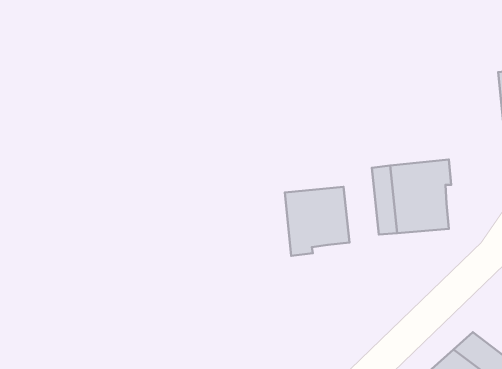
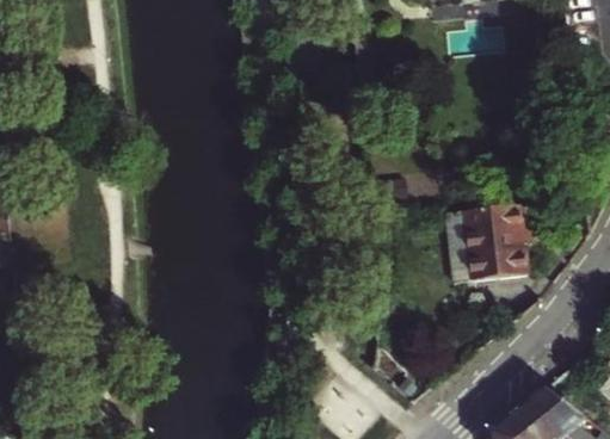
building: [285,187,350,256] -> none

